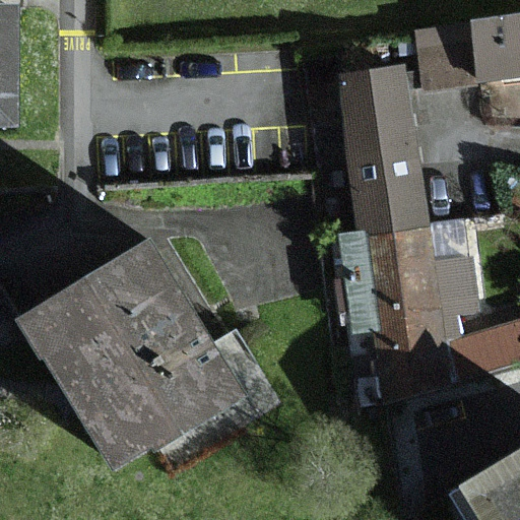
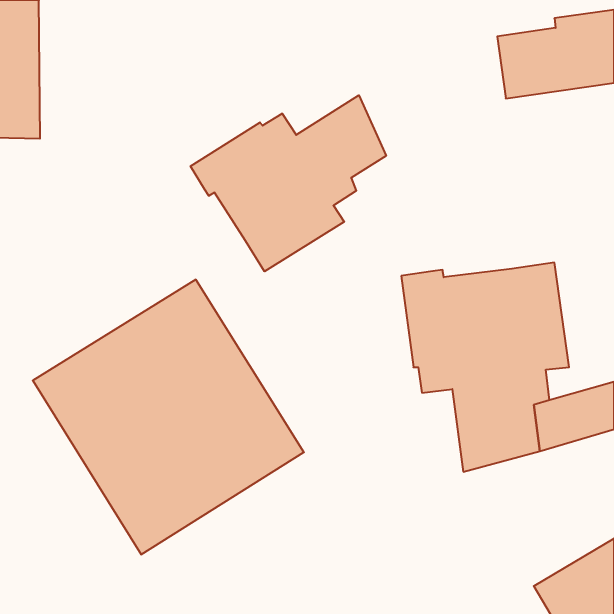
building: [340,67,428,238] -> none
building: none -> [191,95,386,271]

